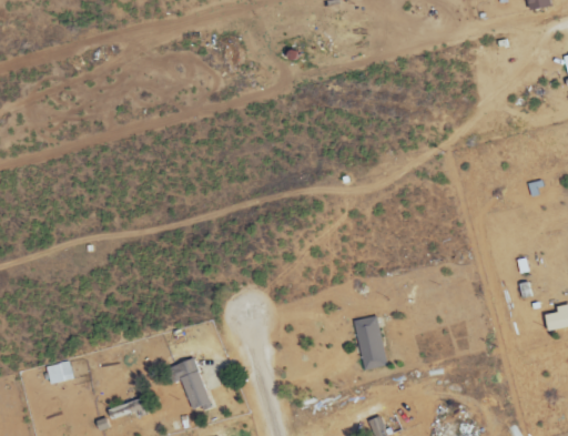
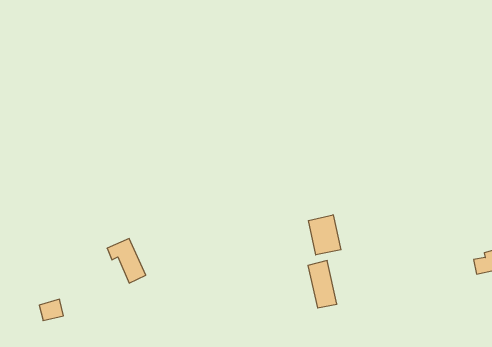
building: none -> [308,215,341,255]
building: [168,358,212,409] -> [107,239,146,283]

